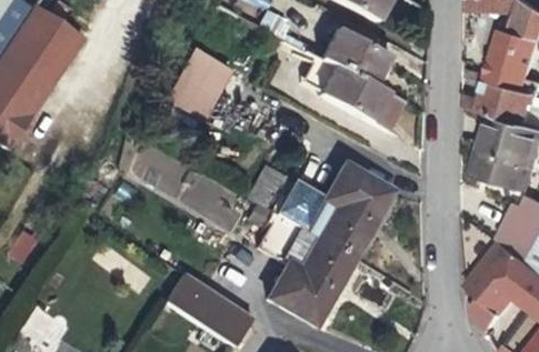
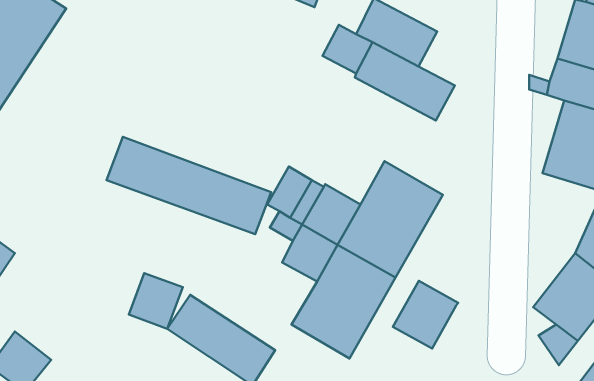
building: [163,49,231,121] -> none
building: none -> [129,273,183,329]
building: none -> [393,281,458,349]

